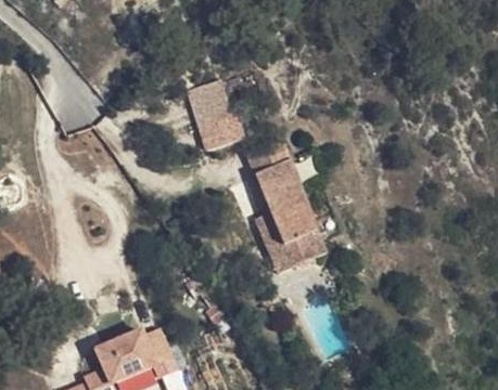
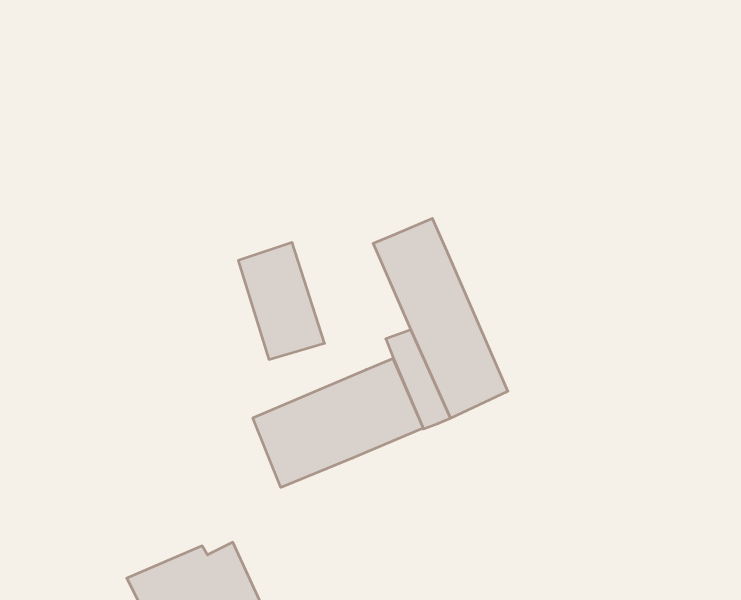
building: [188,81,240,152] -> [238,243,325,359]
building: none -> [253,358,423,487]

